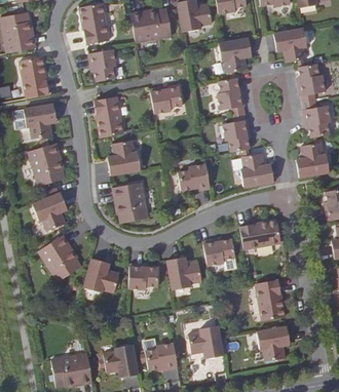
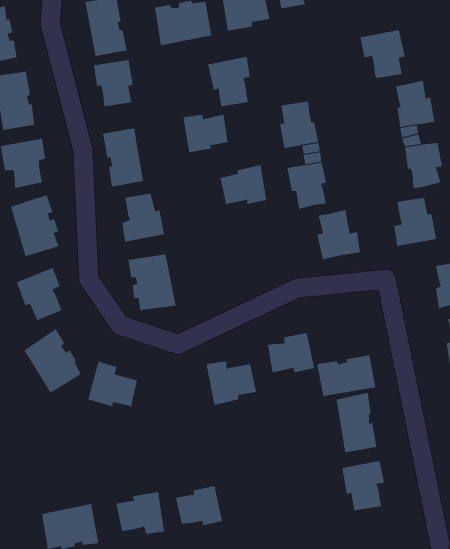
building: [219,37,249,72] -> [207,56,250,107]
building: [176,164,209,192] -> [220,164,267,205]
building: [238,220,279,248] -> [317,355,376,396]
building: [127,263,157,288] -> none
building: [188,331,223,362] -> none

